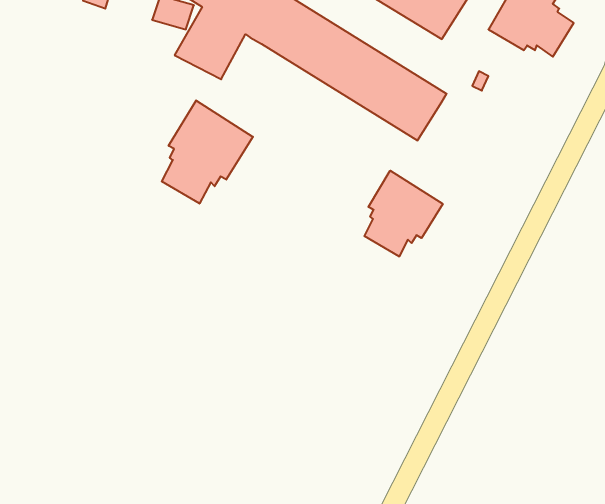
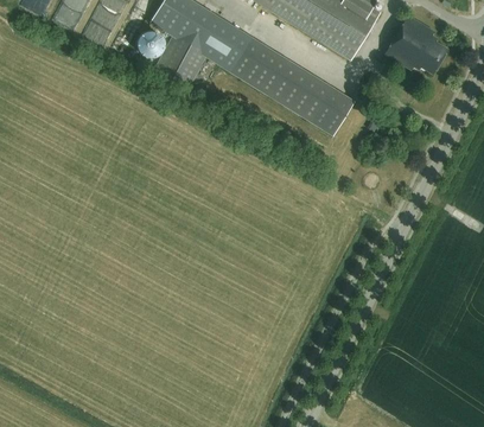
building: [162,100,253,204] -> none
building: [364,171,443,257] -> none

